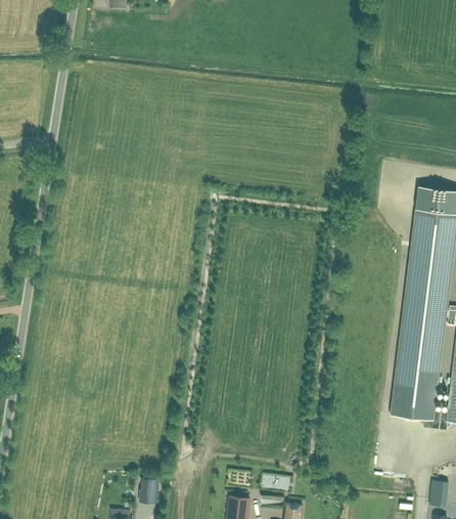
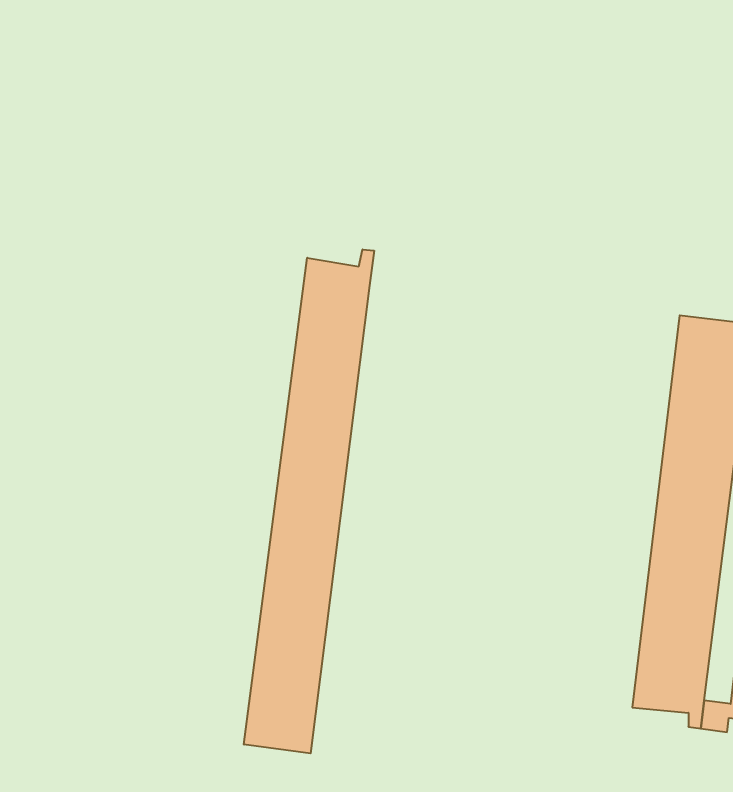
building: none -> [244,249,374,753]

